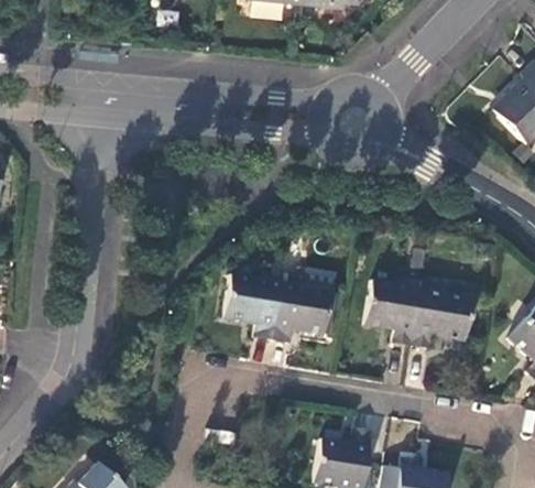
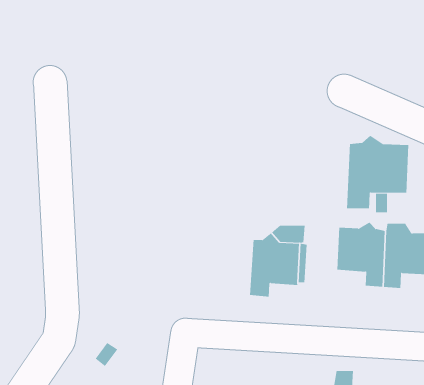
building: none -> [347,135,409,209]
building: [222,270,282,338] -> none

